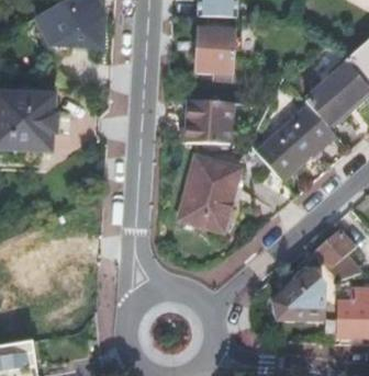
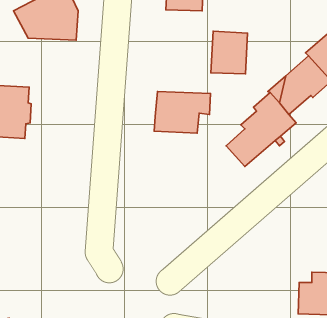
building: [197,27,235,72] -> [211,31,247,74]
building: [178,155,241,230] -> none
building: [315,229,356,278] -> none
building: [276,270,325,320] -> none

